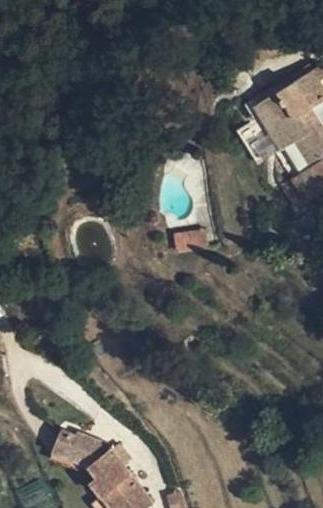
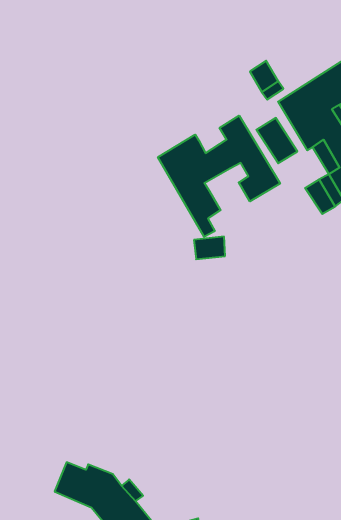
building: none -> [158,116,280,237]

